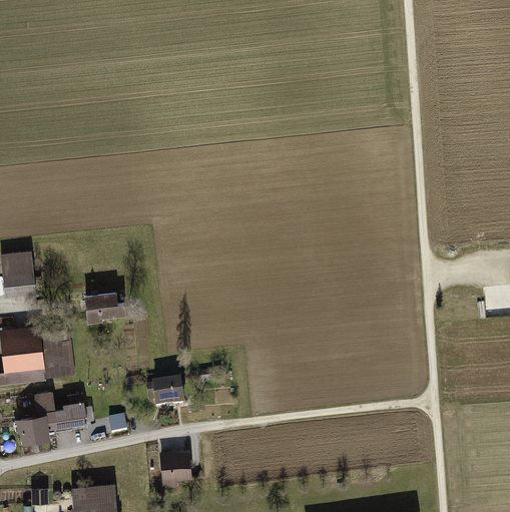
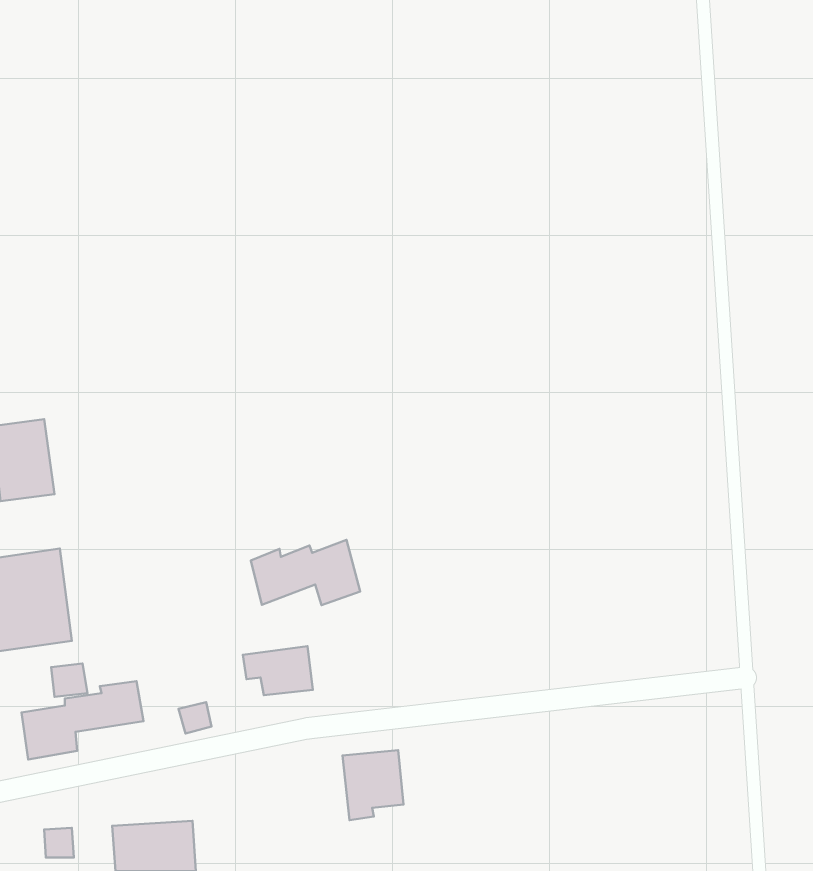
building: [83,293,124,325] -> none
building: none -> [251,540,360,605]
building: [157,448,192,488] -> [342,750,403,820]

